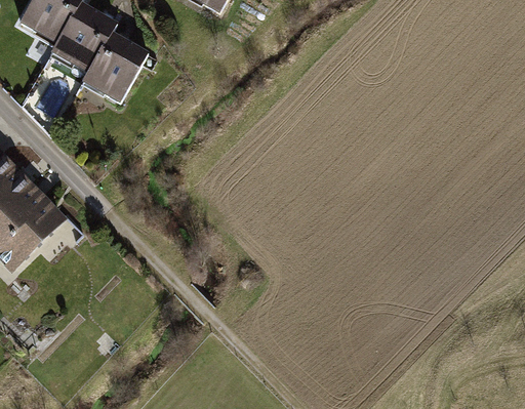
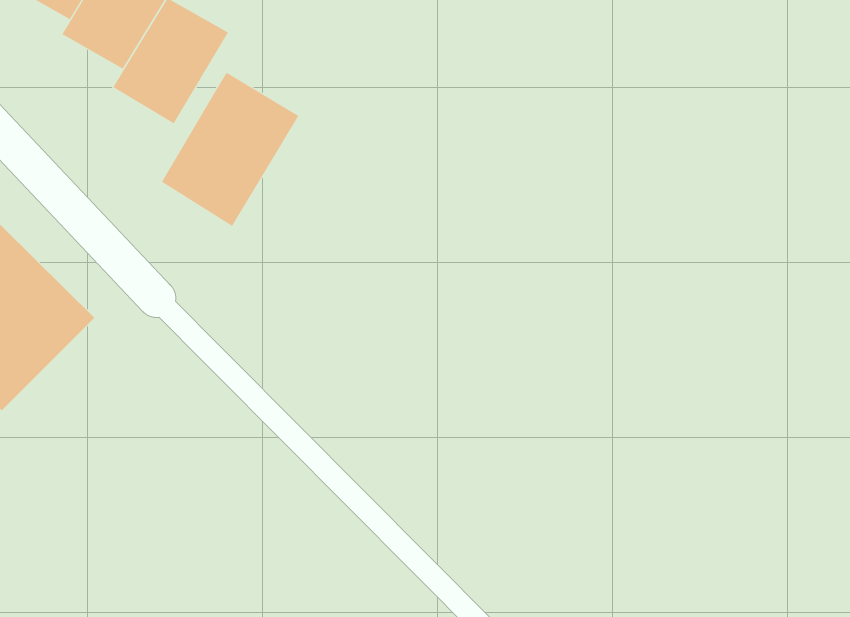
building: none -> [161,72,299,227]

